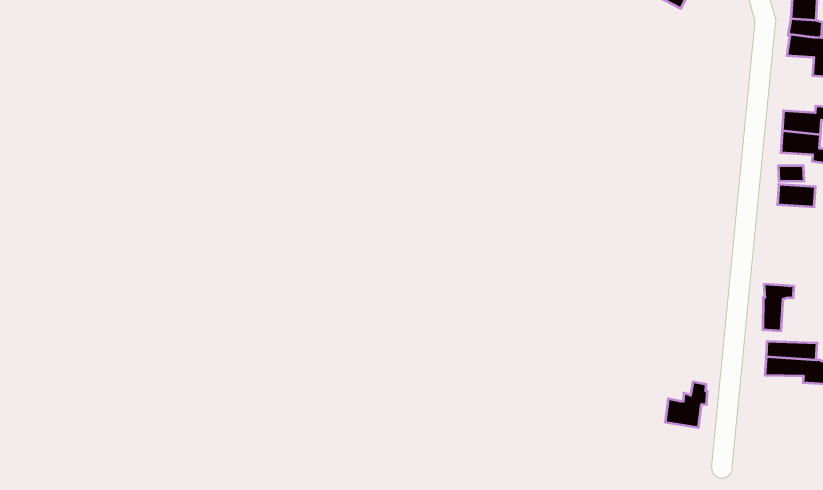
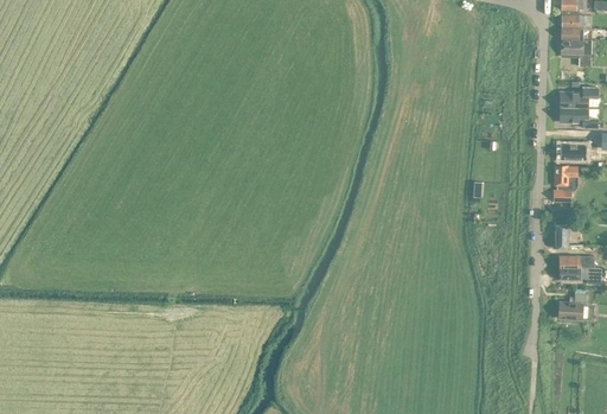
building: none -> [554,165,576,200]
building: [665,382,707,428] -> [557,287,586,319]

